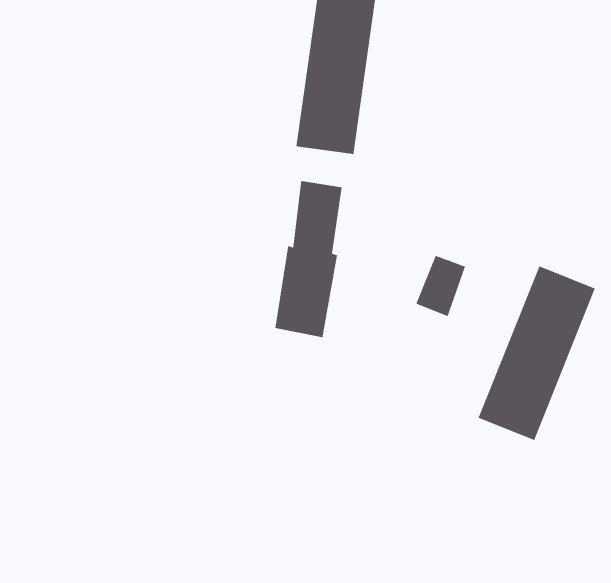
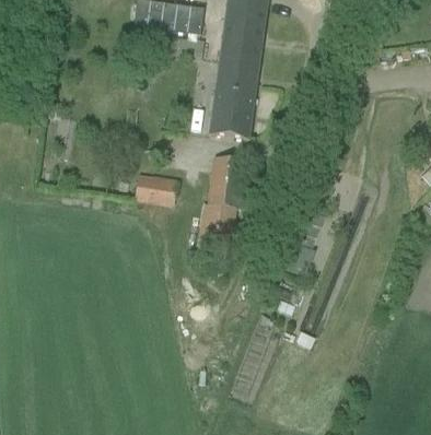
building: none -> [136,175,175,203]
building: [478,265,595,441] -> none

